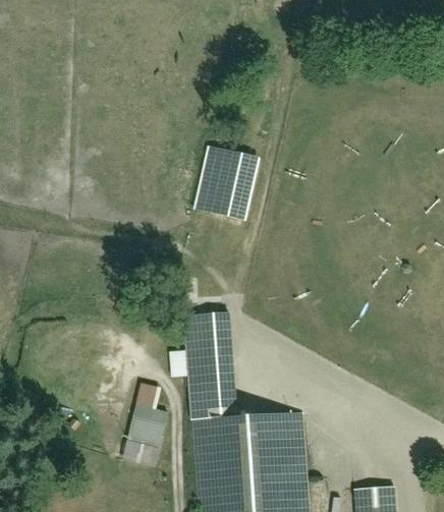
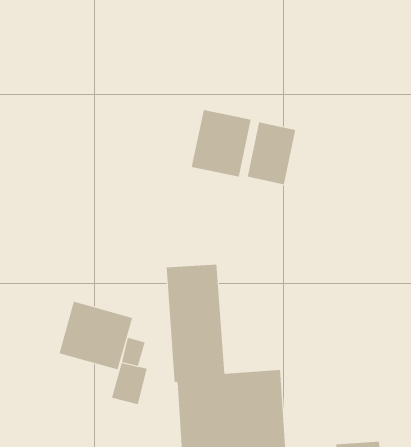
building: none -> [247,122,296,185]
building: none -> [59,301,133,370]

